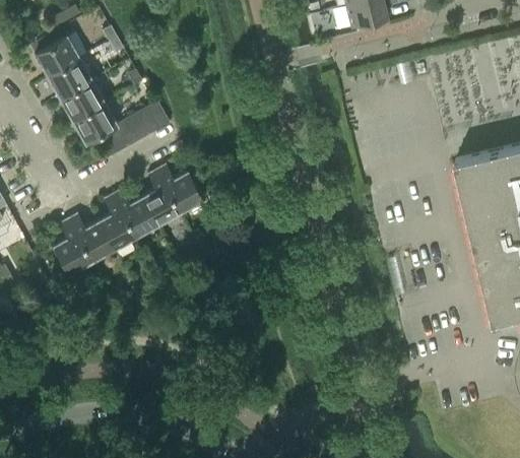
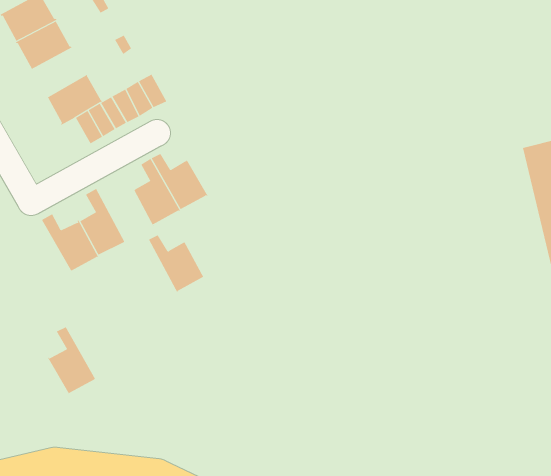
building: [60,80,106,121] -> none
building: [113,190,158,238] -> [148,234,205,294]
building: [53,219,92,274] -> [47,327,96,394]

